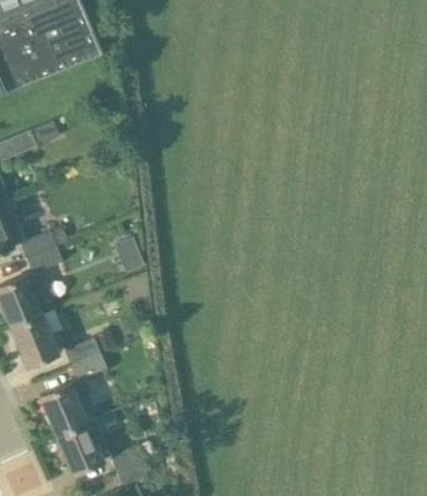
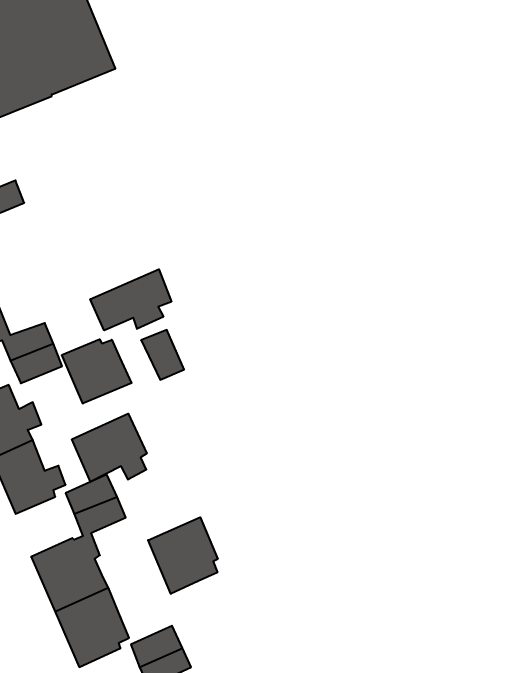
building: none -> [90,269,171,330]
building: none -> [62,339,132,404]
building: none -> [72,414,147,482]
building: none -> [148,517,218,594]

